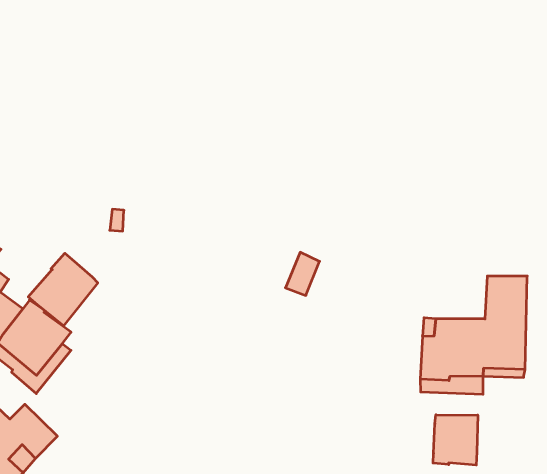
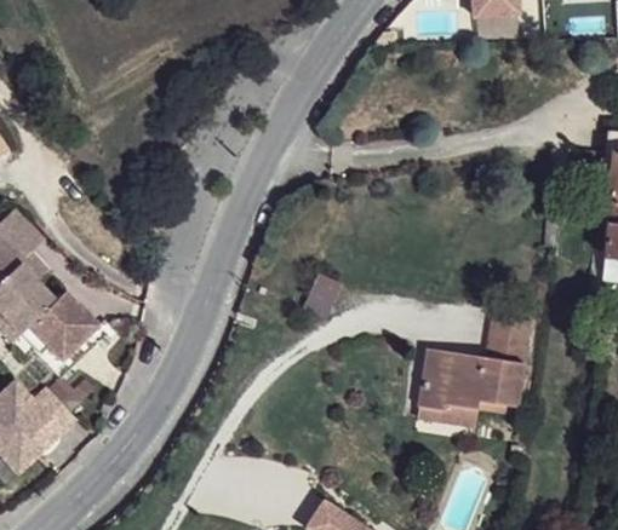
building: [28,253,98,326] -> none
building: [433,415,478,465] -> none

